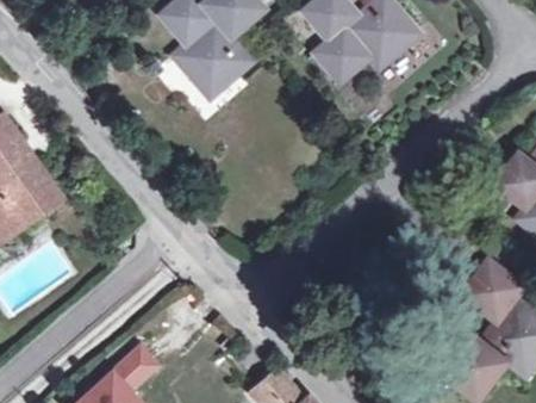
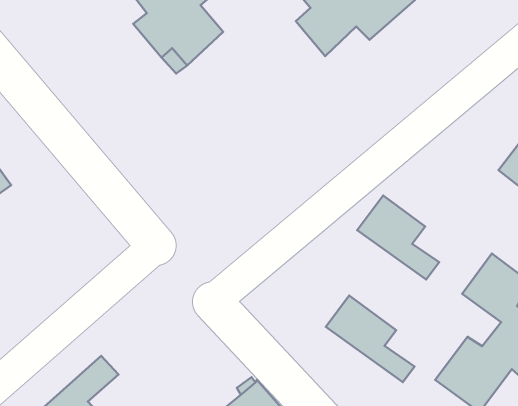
building: none -> [357,195,439,280]
building: none -> [326,295,414,382]

